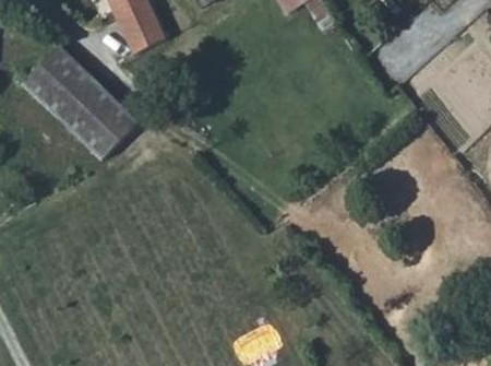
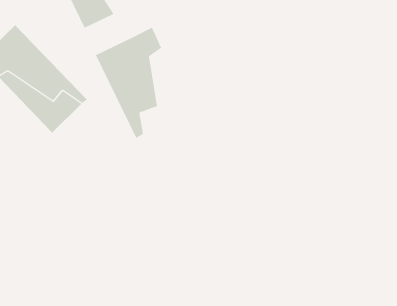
building: none -> [95,27,162,139]

